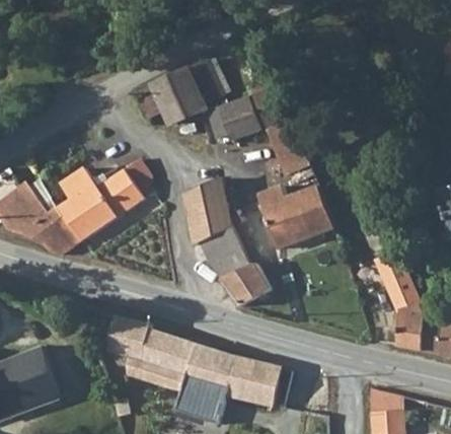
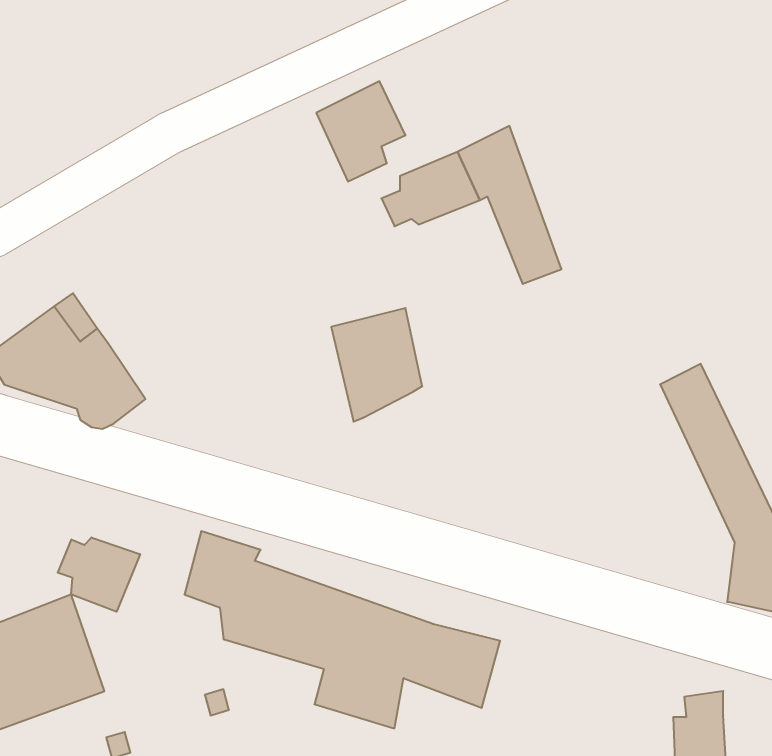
building: [156,80,193,127] -> none
building: [62,157,152,236] -> none
building: [259,189,335,250] -> none
building: [201,232,265,307] -> none
building: none -> [58,537,140,612]

